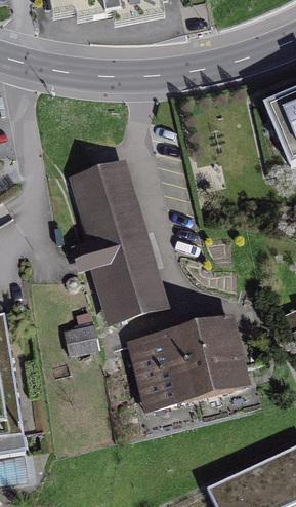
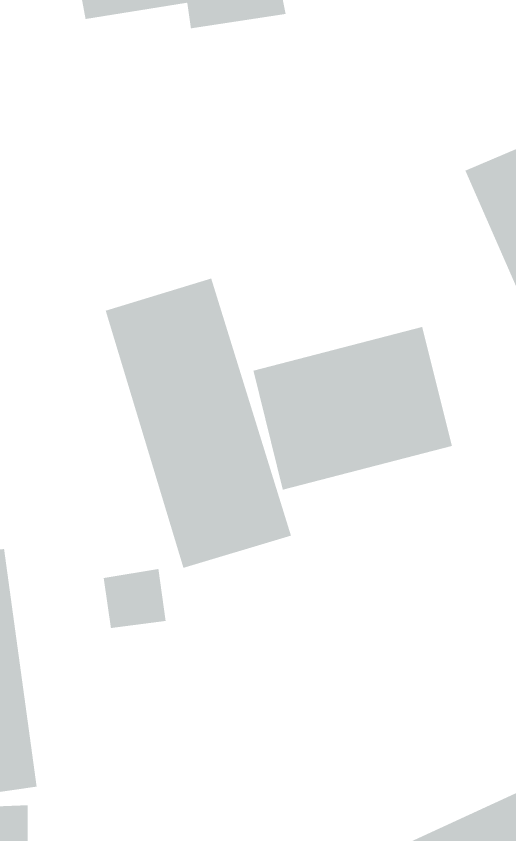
building: none -> [253,326,453,491]
building: [124,310,254,412] -> none

